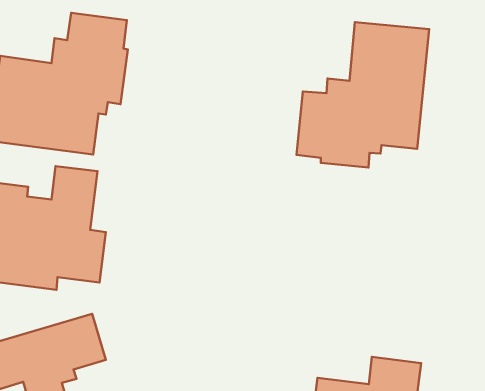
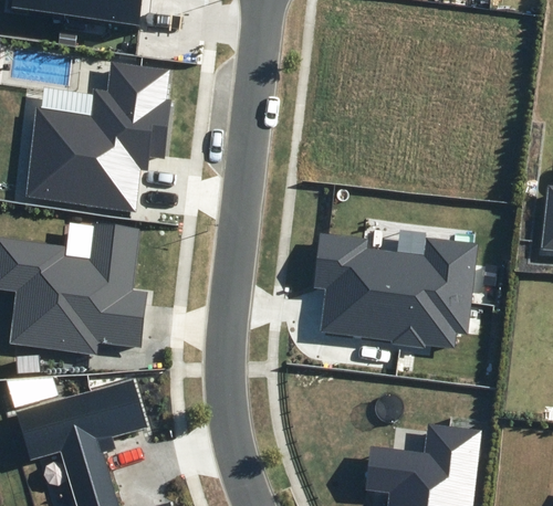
building: [296,22,429,167] -> none
building: none -> [312,232,476,349]

